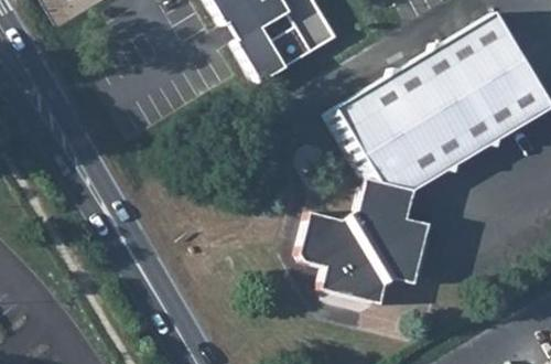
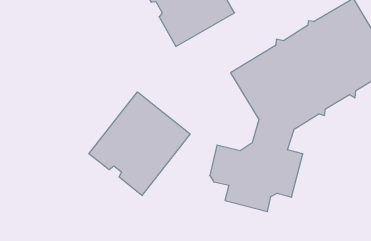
building: none -> [89,92,190,196]

